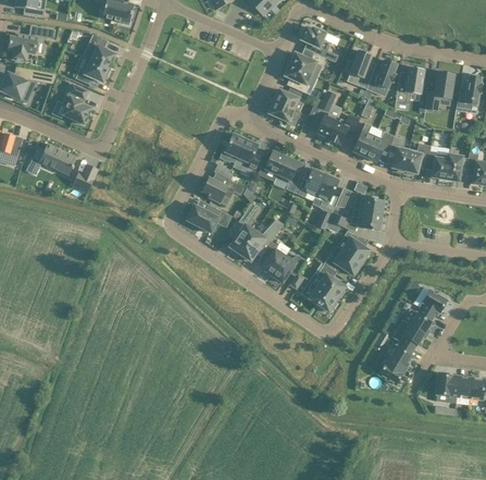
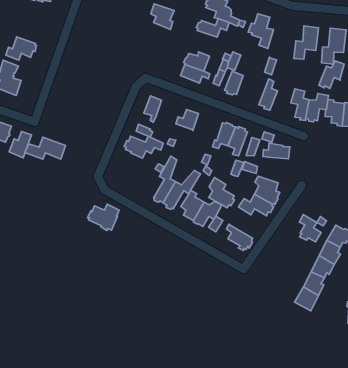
building: [88,34,115,66] -> none
building: [366,59,397,90] -> none
building: [285,63,311,93] -> [151,4,174,29]
building: [327,114,359,144] -> none
building: [364,131,394,161] -> [319,61,344,88]
building: [237,138,262,175] -> none
building: [275,156,302,192] -> none
building: none -> [25,137,66,159]
building: [185,202,221,232] -> [87,204,119,230]
building: [350,209,383,230] -> none
building: [316,263,345,298] -> [209,177,234,208]
building: none -> [299,214,321,242]

